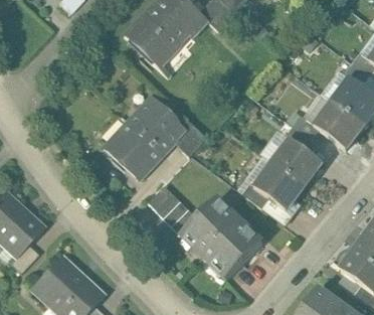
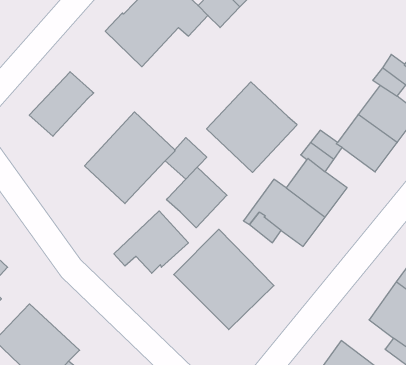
building: none -> [29,72,94,136]
building: none -> [207,82,297,172]
building: none -> [167,167,227,228]

